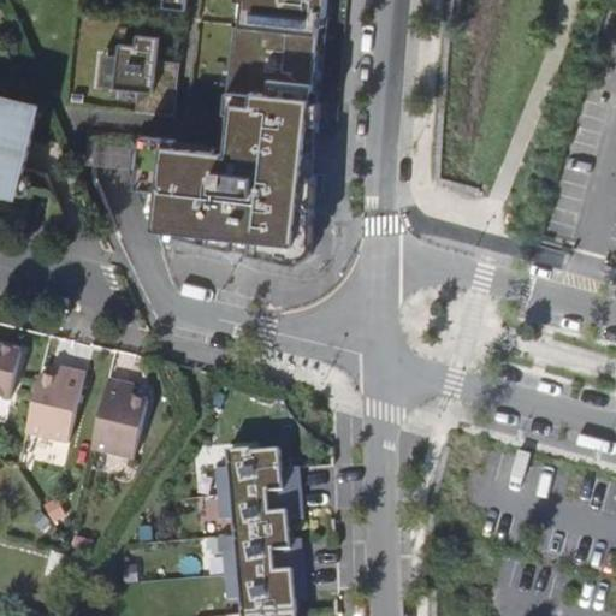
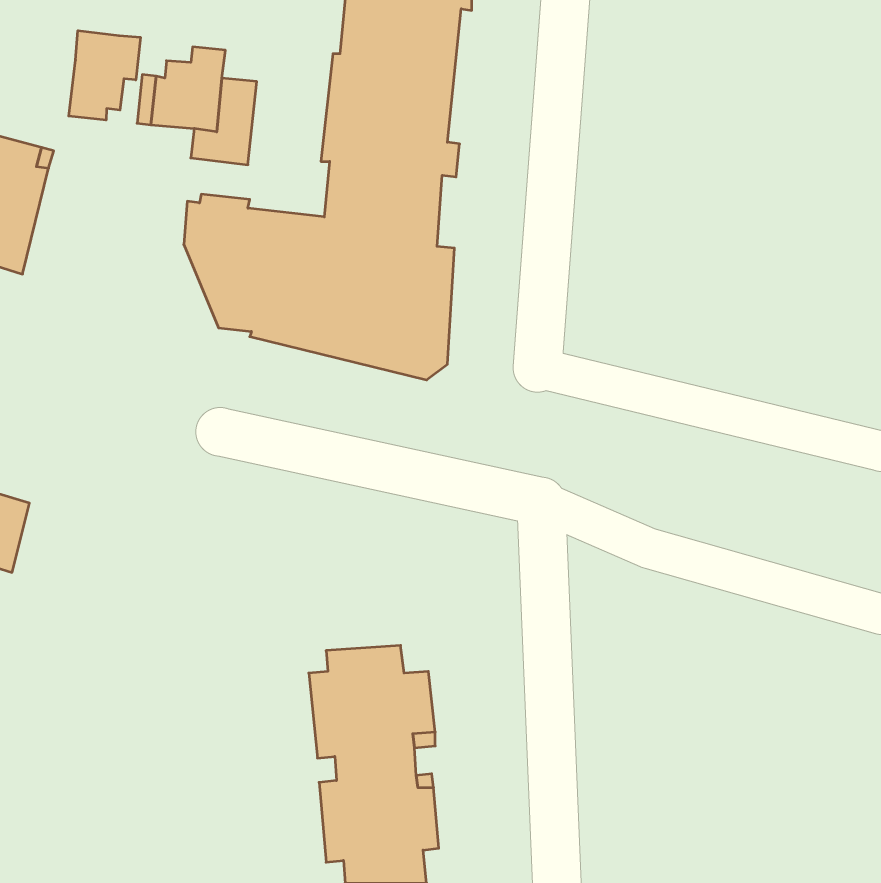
building: none -> [69,31,140,120]
building: [25,367,84,439] -> none
building: [90,377,147,456] -> none

